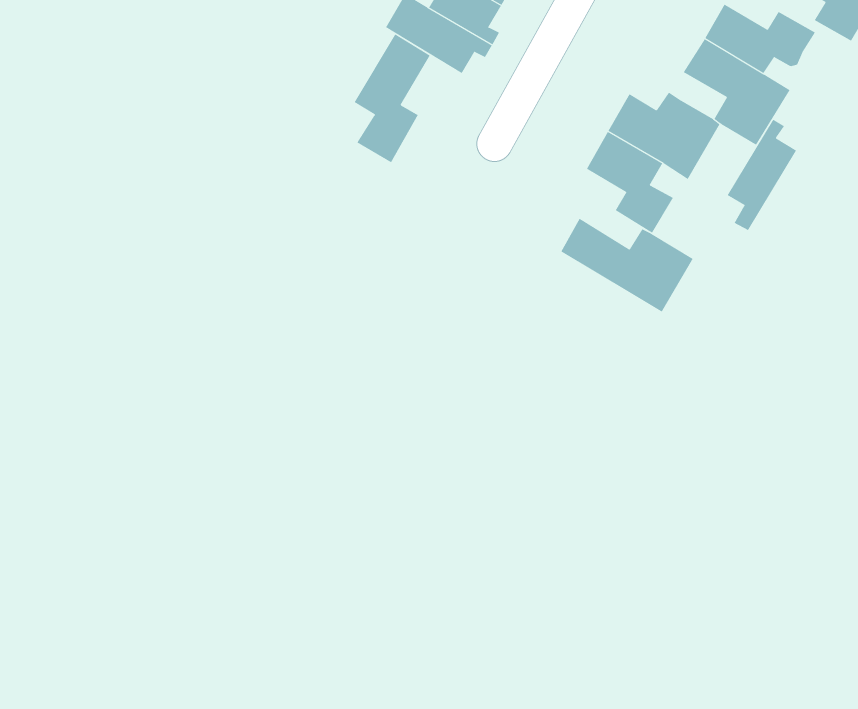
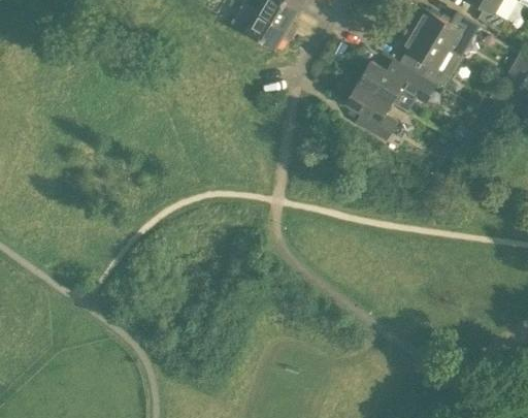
building: [354,33,430,163] -> none
building: [727,119,797,231] -> none
building: [560,218,694,312] -> none

